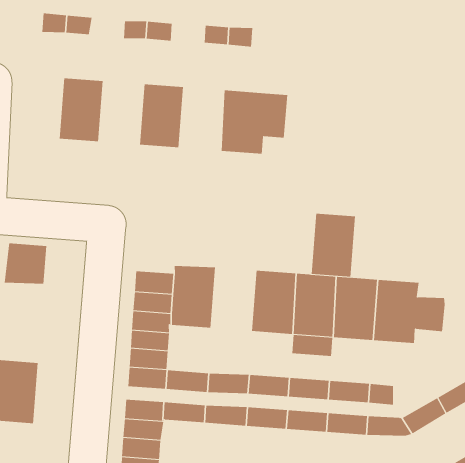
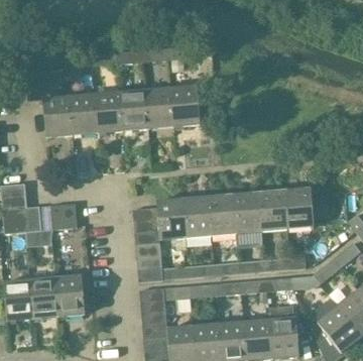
building: none -> [43,96,73,137]
building: none -> [95,92,123,132]
building: none -> [145,88,174,128]
building: [311,213,356,277] -> [183,197,211,237]

